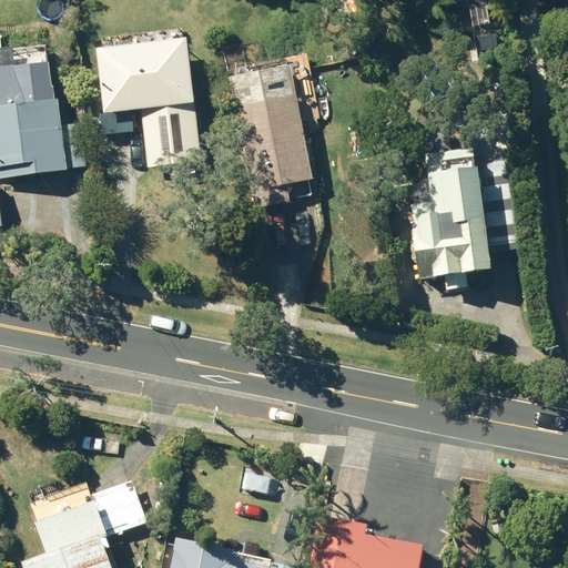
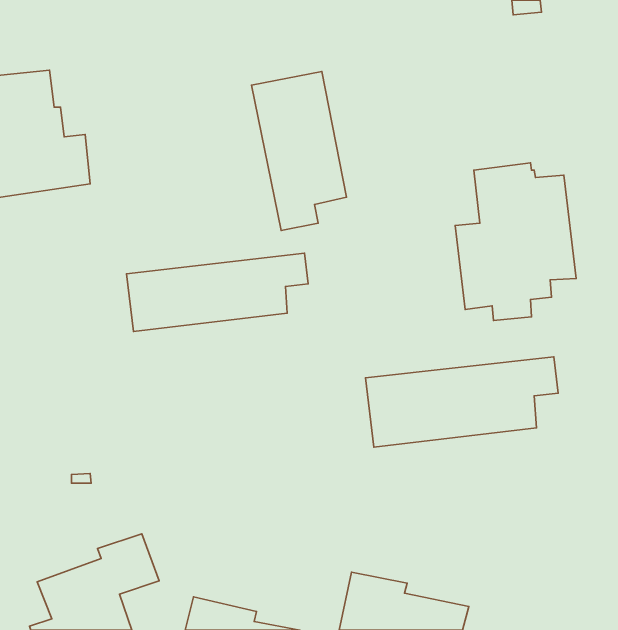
building: [98,36,199,166] -> none
building: none -> [126,253,308,332]
building: none -> [365,357,558,447]

